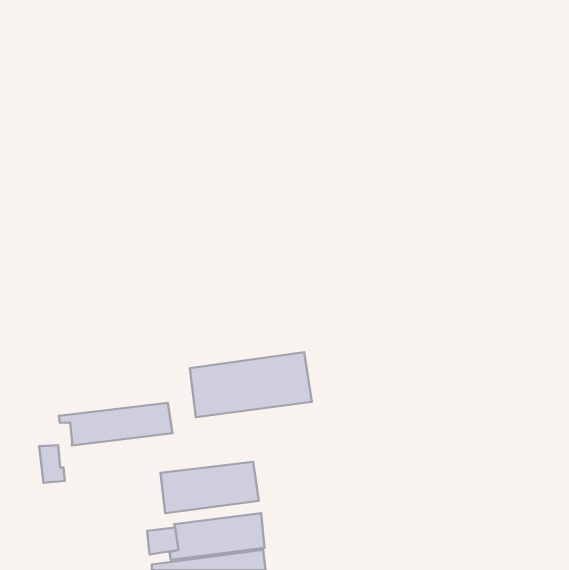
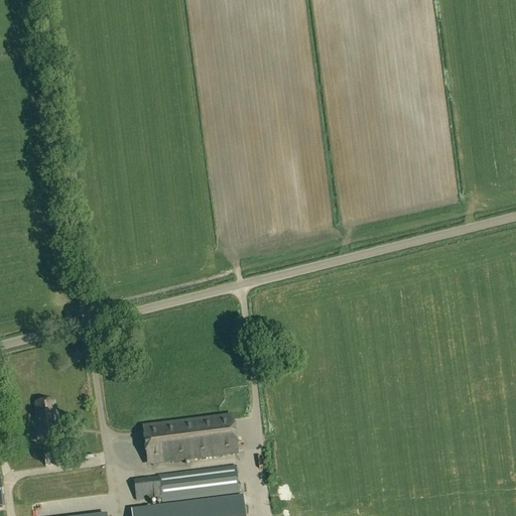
building: [190,352,312,417] -> none
building: [59,403,173,446] -> none

